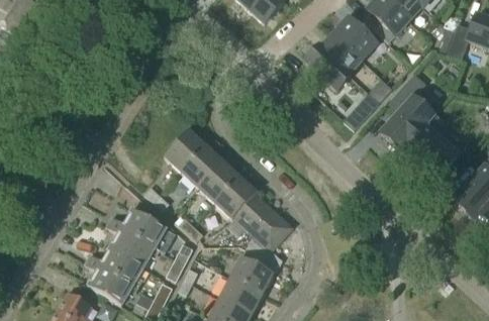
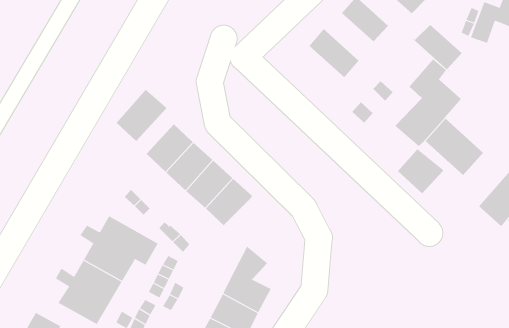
building: [318,34,362,76] -> [413,24,463,72]
building: none -> [116,89,167,142]
building: none -> [397,147,444,194]
building: [232,195,292,251] -> none

